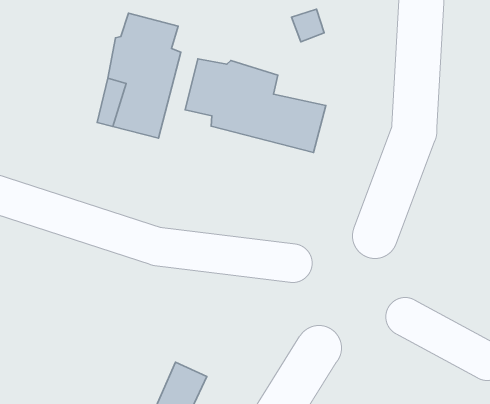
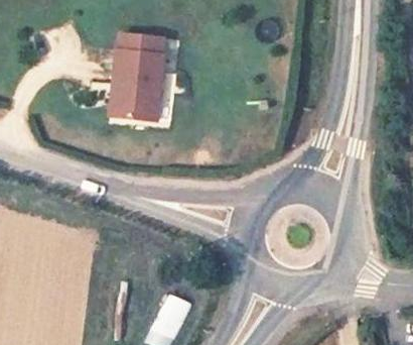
building: [185,59,326,153] -> none

